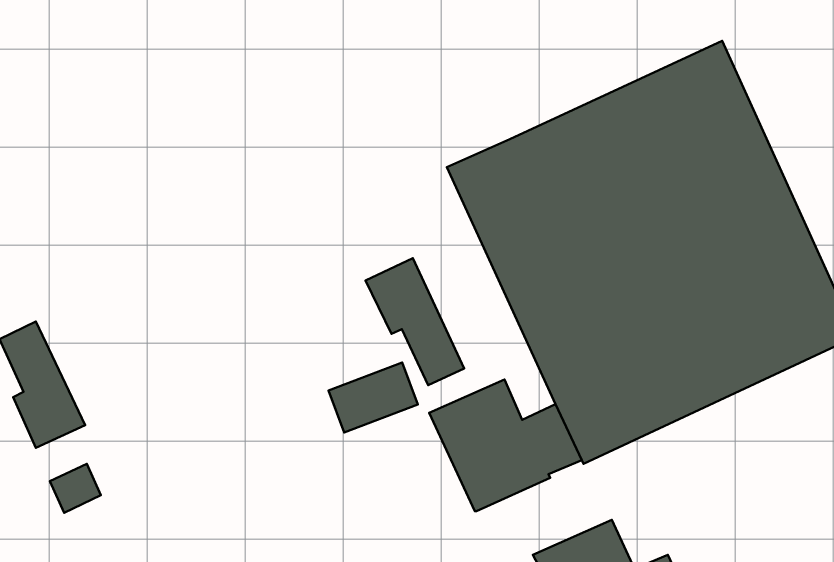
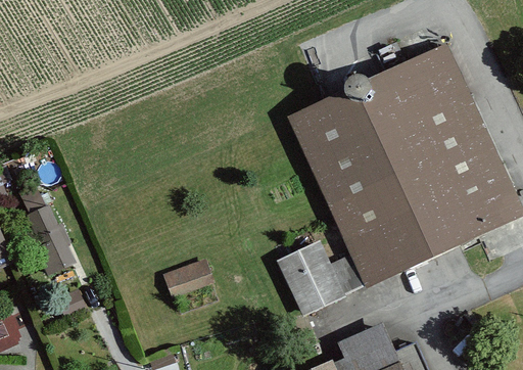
building: [365,258,464,385] -> none
building: [328,362,418,433] -> [162,259,215,299]

